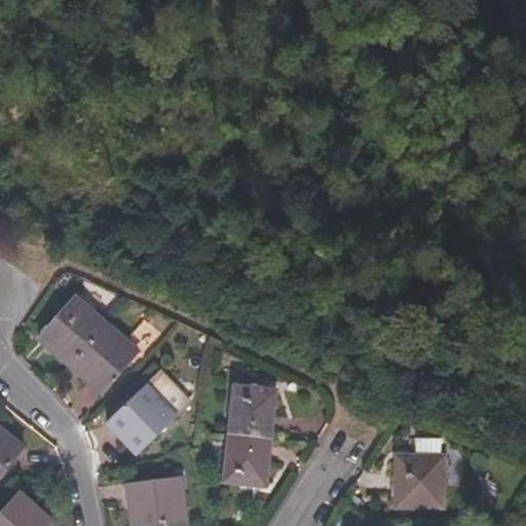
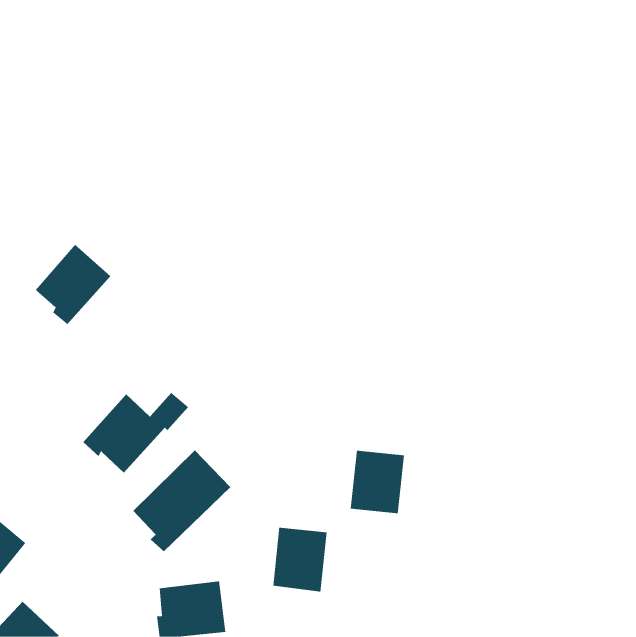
building: [41,297,104,364] -> [35,244,111,325]
building: [229,385,274,438] -> [350,450,405,514]
building: [397,457,441,505] -> none

